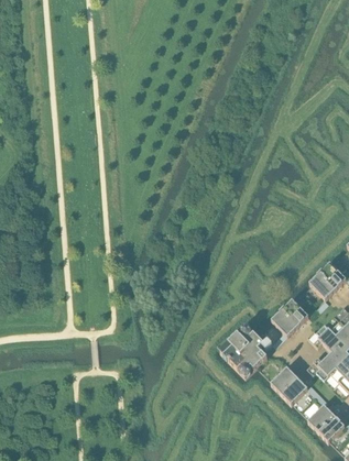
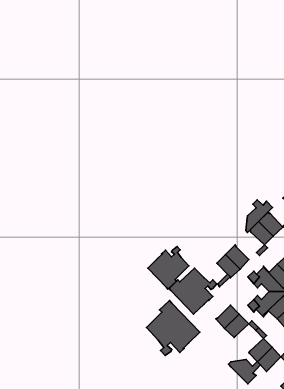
building: none -> [246,200,272,232]
building: none -> [148,246,189,289]
building: none -> [146,301,200,356]
building: none -> [228,359,260,384]

